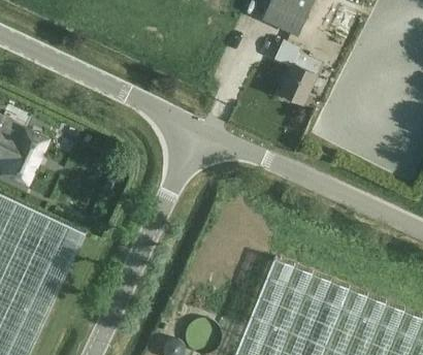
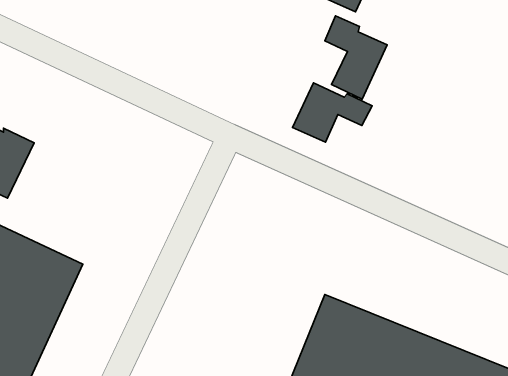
building: none -> [293,83,372,142]

